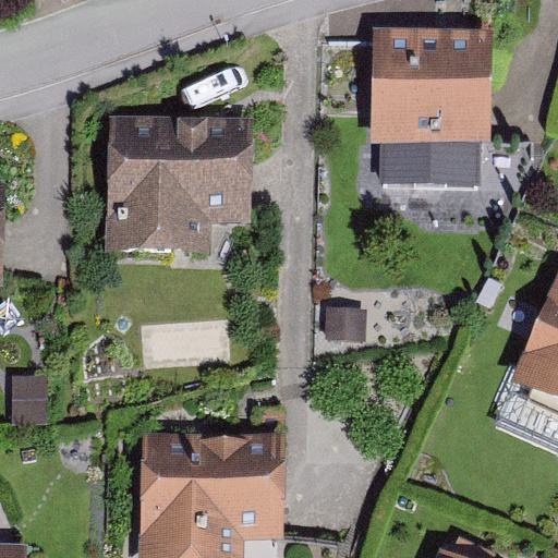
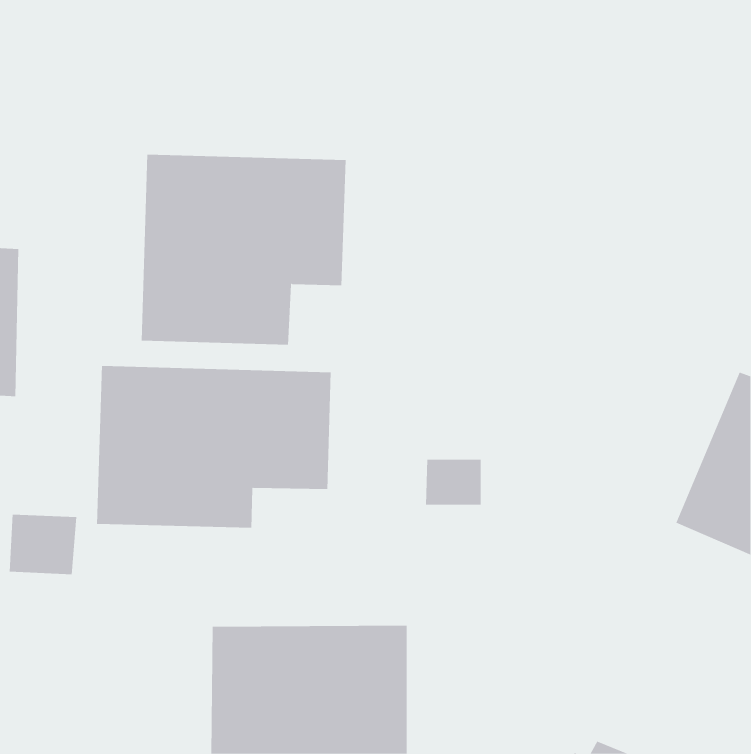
building: [367,32,490,184] -> none
building: none -> [97,365,331,528]

